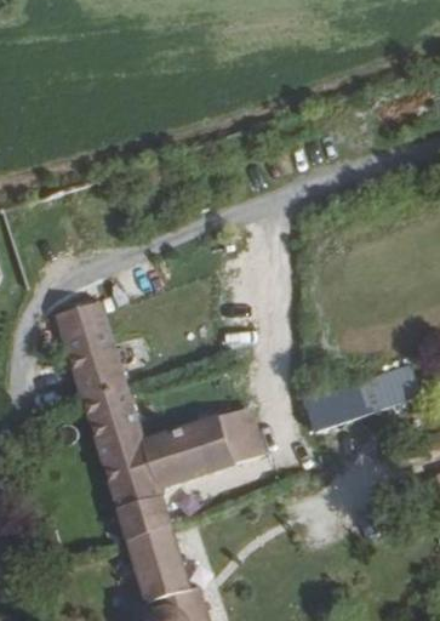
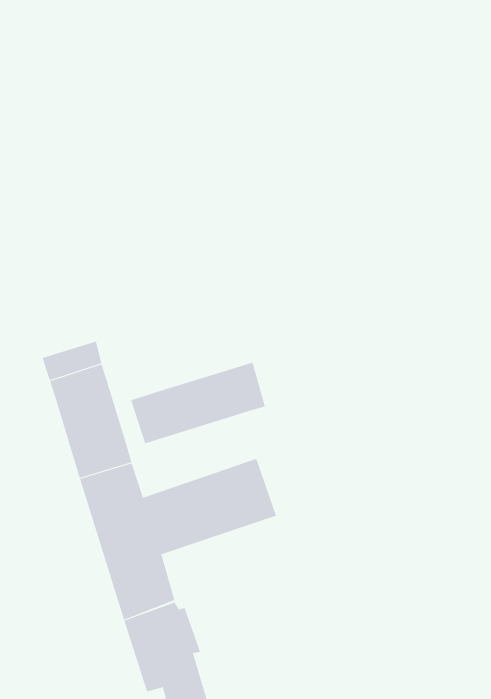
building: none -> [131,362,266,444]
building: [315,364,429,428] -> none

